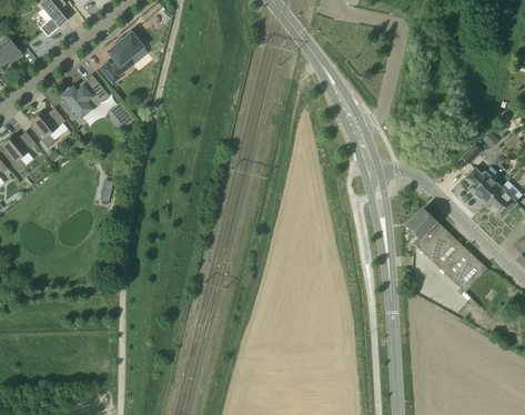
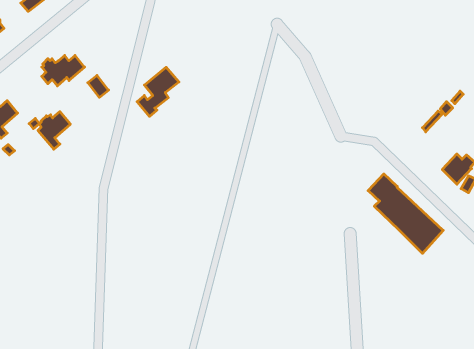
building: [99,32,143,84] -> [137,67,179,116]
building: [30,108,64,148] -> [38,112,70,149]
building: [466,166,502,204] -> none

